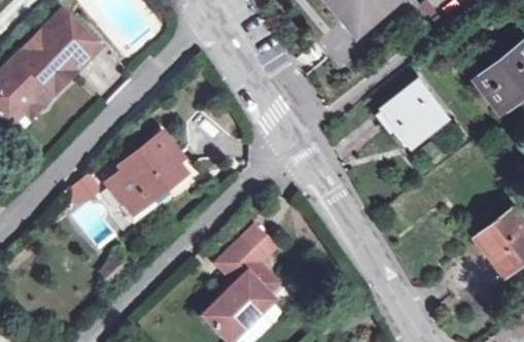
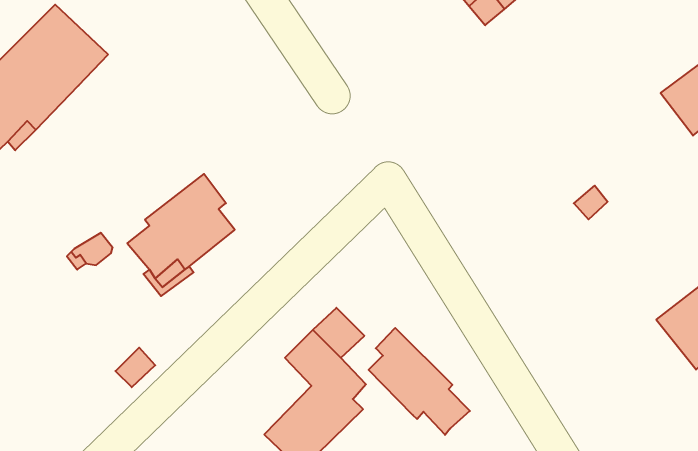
building: [386,79,447,140] -> none
building: none -> [369,328,470,435]

